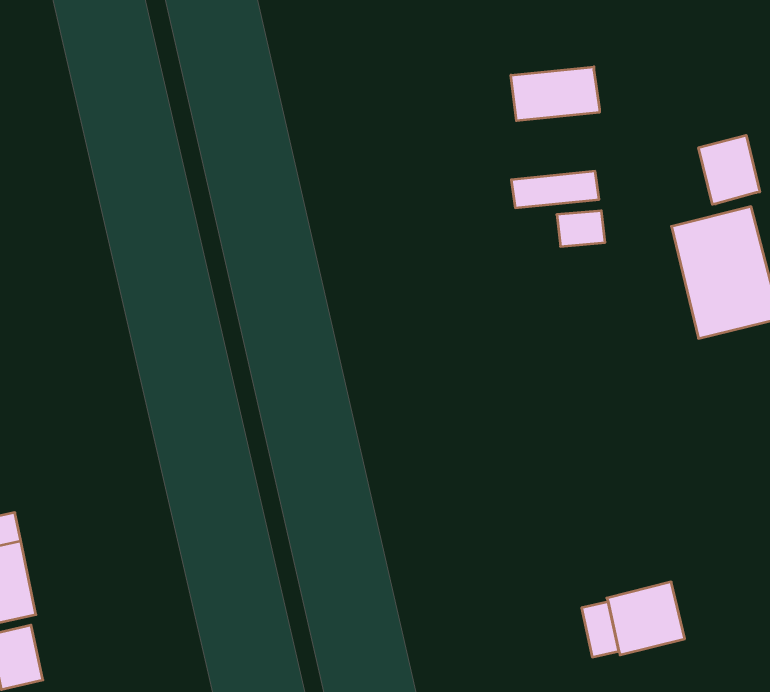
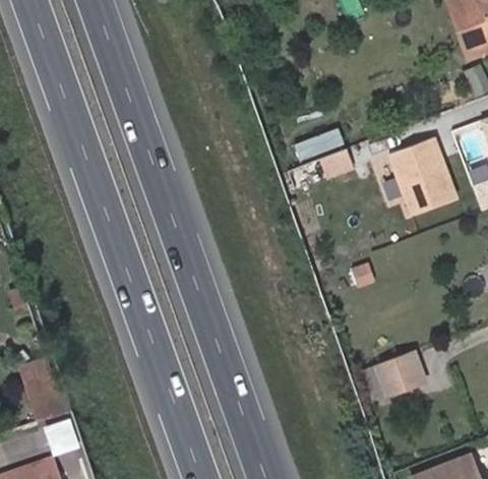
building: [511,67,600,121] -> none
building: [699,135,760,204] -> none

